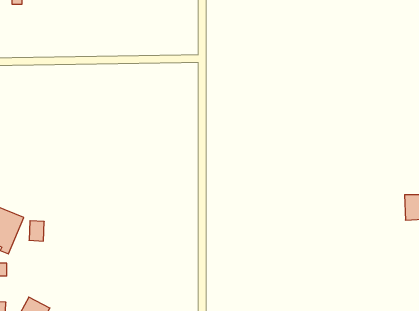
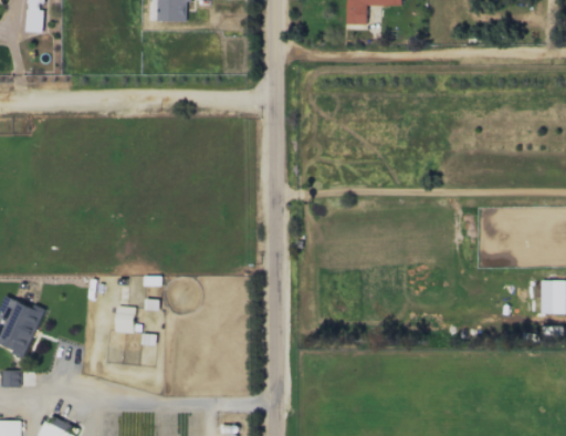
building: [29,221,44,241] -> [115,307,135,333]

